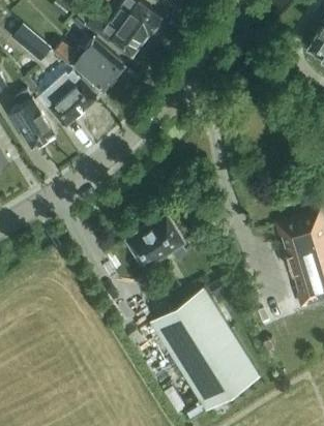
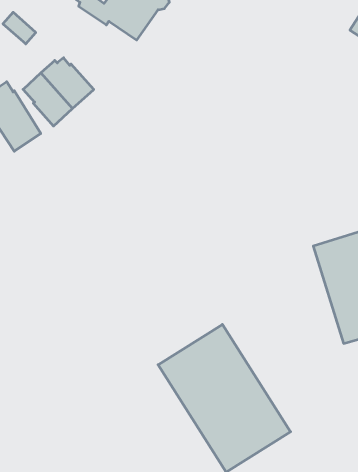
building: [54,39,125,91] -> none
building: [125,214,186,270] -> none

